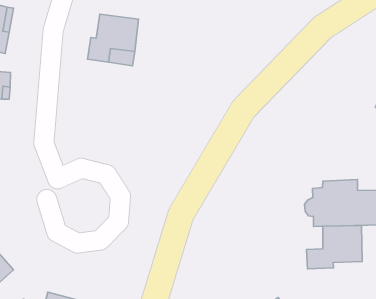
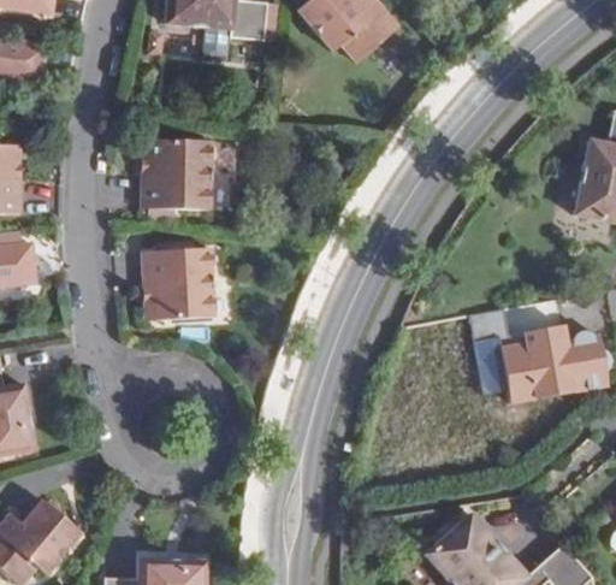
building: none -> [141,253,208,323]
building: [306,226,362,269] -> none

